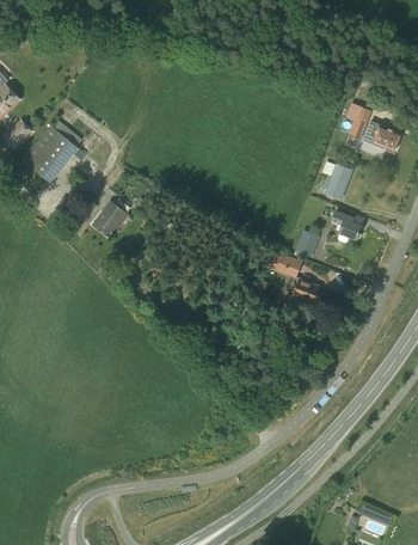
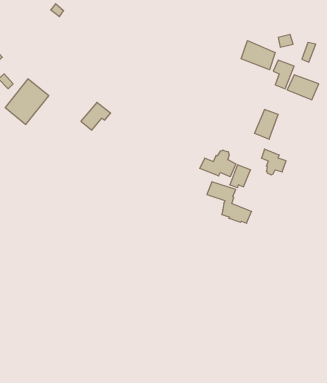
building: none -> [241,41,275,70]
building: [92,202,128,235] -> [81,102,111,130]
building: none -> [200,150,236,177]

